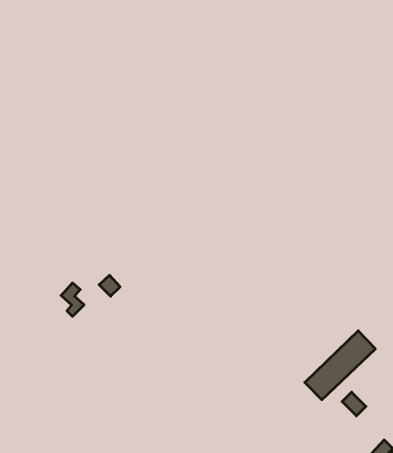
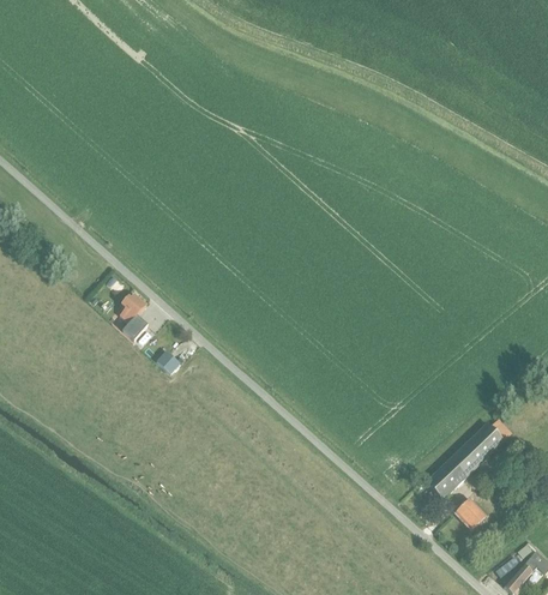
building: [61,283,84,316] -> [119,298,147,339]

